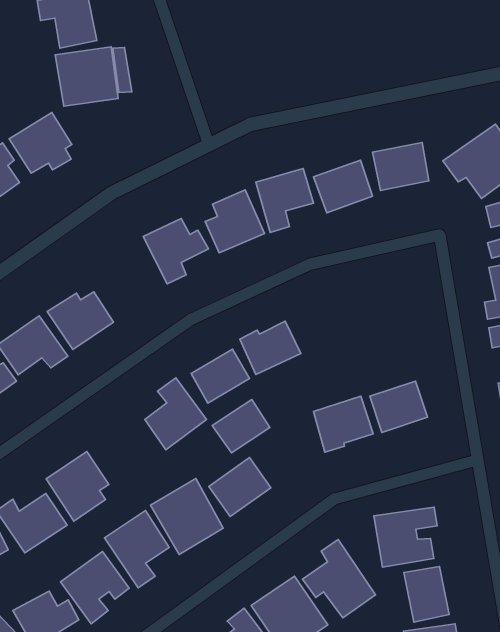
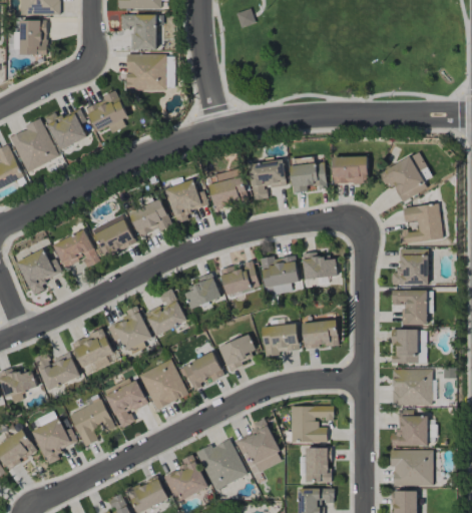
building: none -> [129,199,172,237]
building: none -> [302,251,337,280]
building: none -> [262,255,298,295]
building: [212,400,270,453] -> [218,334,258,368]
building: none -> [107,306,152,351]

